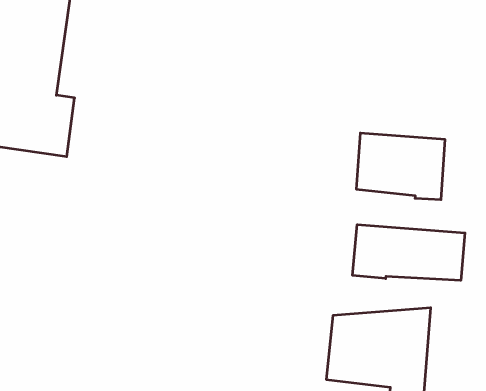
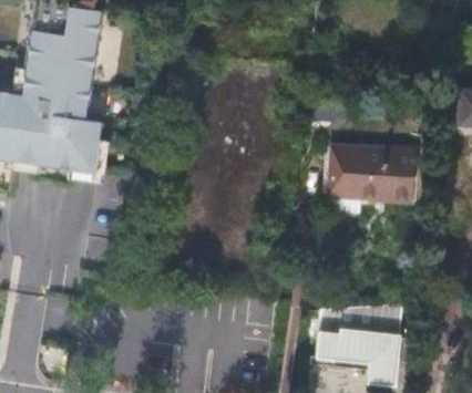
building: [353,225,465,280] -> none

